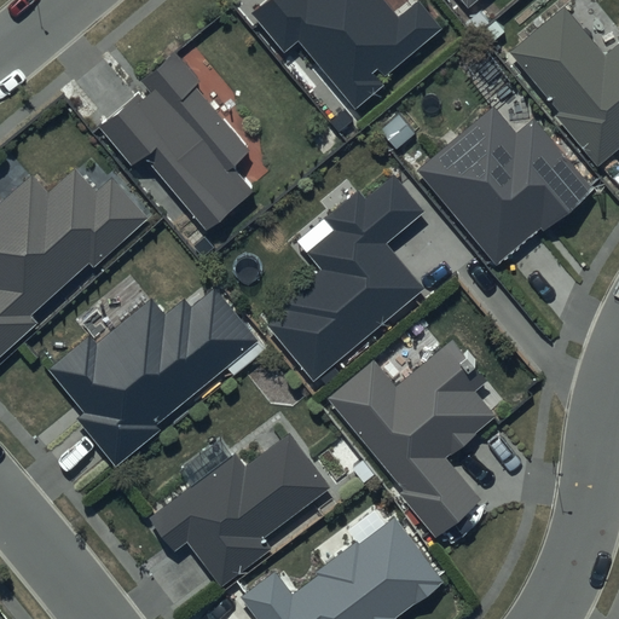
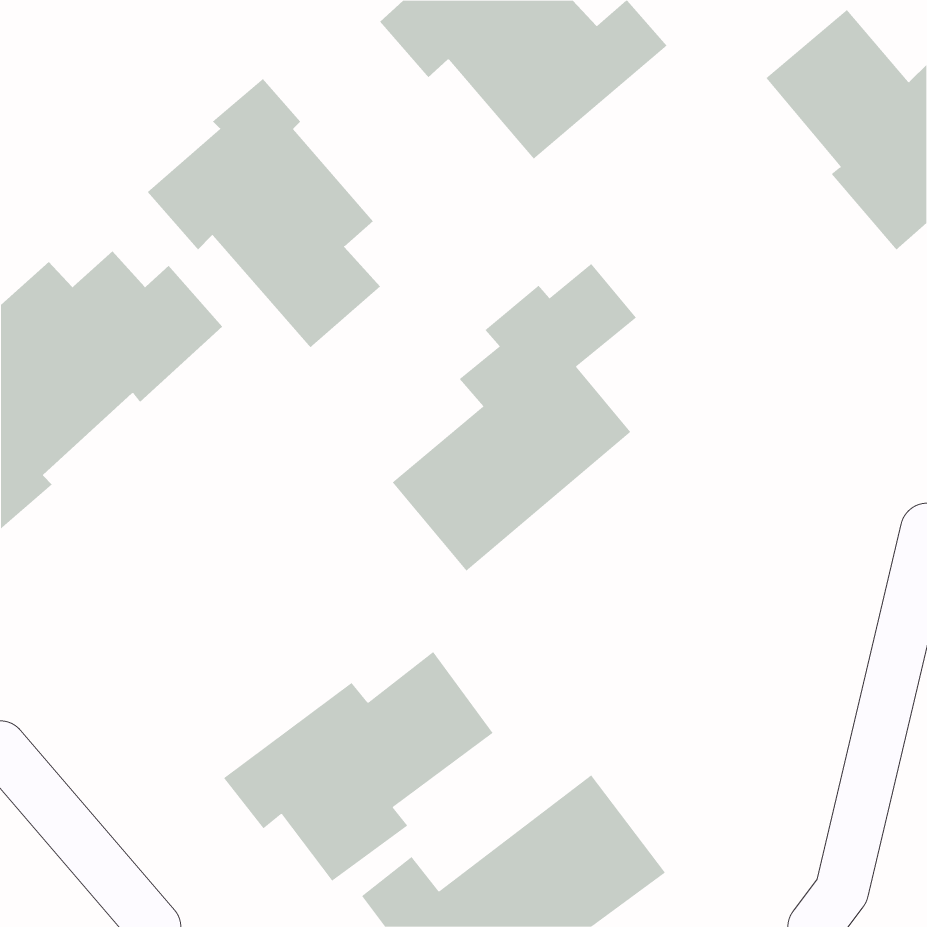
building: [416,106,596,265] -> none
building: [48,288,259,467] -> none
building: [328,341,496,539] -> none

